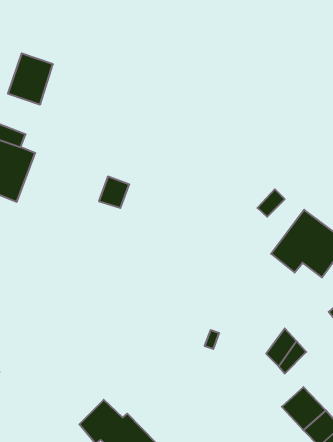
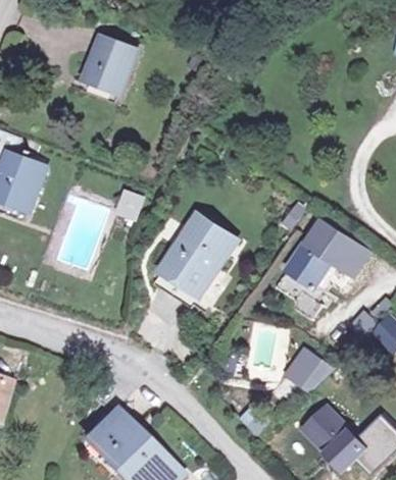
building: [8,53,53,104] -> [87,35,134,88]
building: none -> [154,209,238,298]

